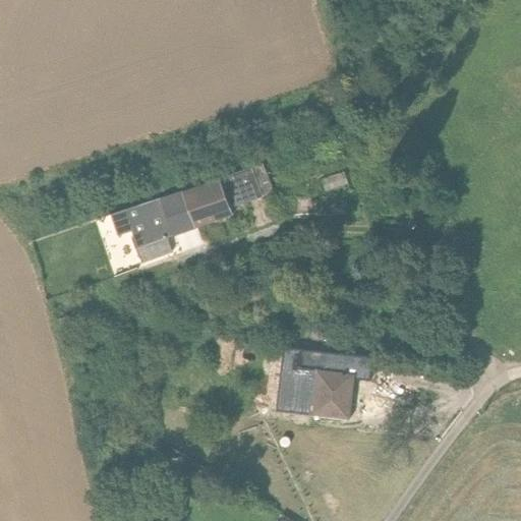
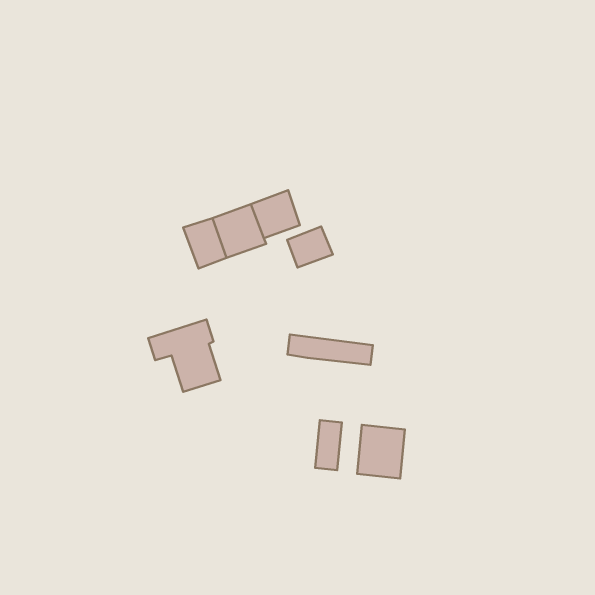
building: none -> [287,226,333,268]
building: [110,198,173,262] -> [148,319,220,392]
building: [282,348,356,374] -> [288,335,373,365]

